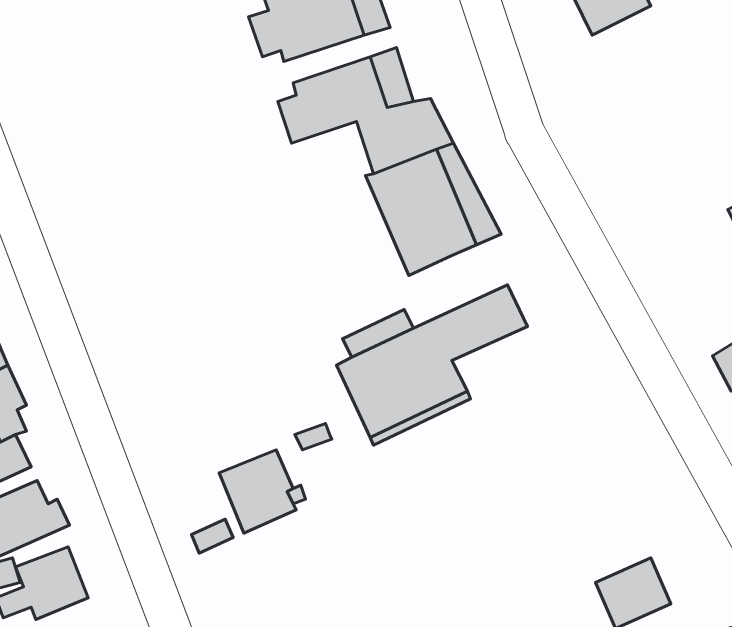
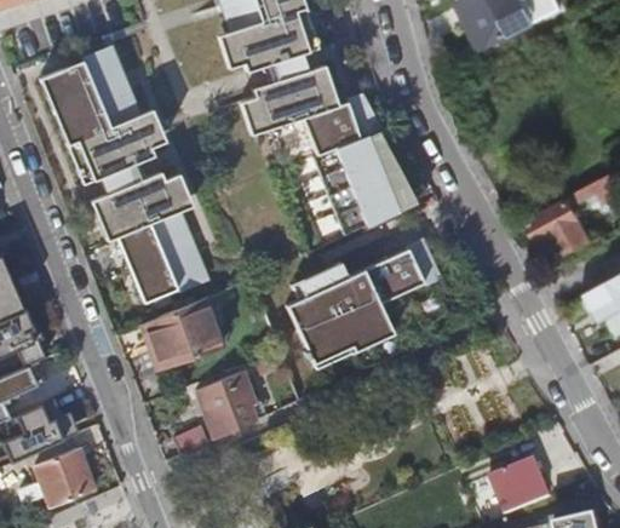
building: none -> [54,47,163,179]
building: none -> [98,170,202,302]
building: none -> [527,200,591,256]
building: none -> [142,298,219,368]

